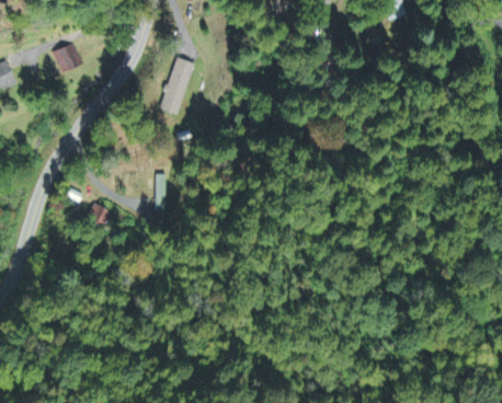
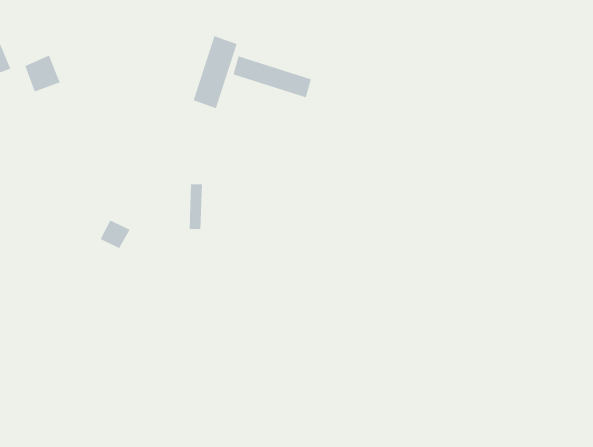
building: [54,43,82,72] -> [24,55,61,92]
building: none -> [233,55,312,98]

